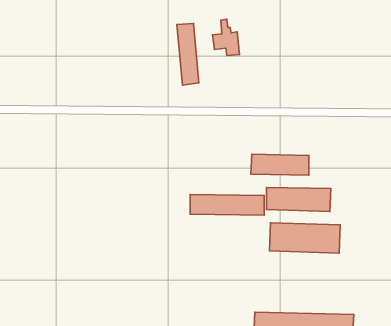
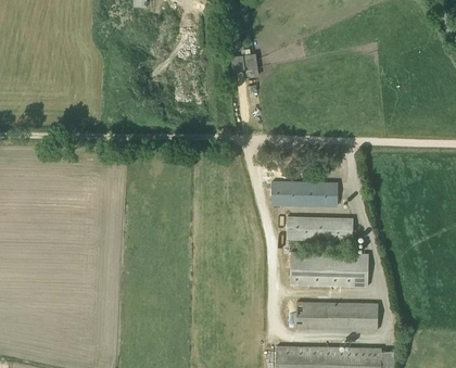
building: [177,24,199,85] -> none
building: [190,194,264,215] -> [295,303,372,325]

